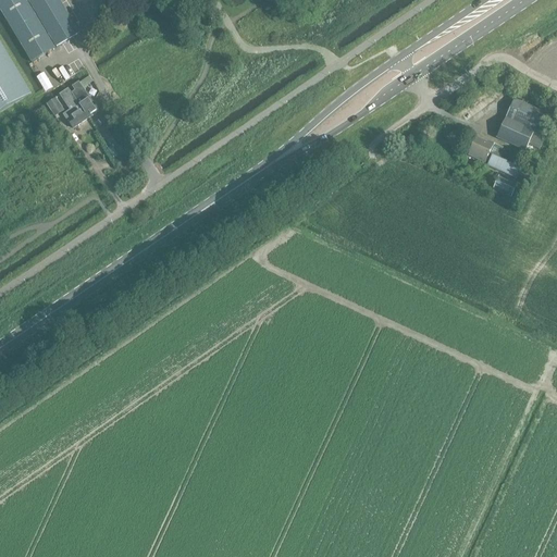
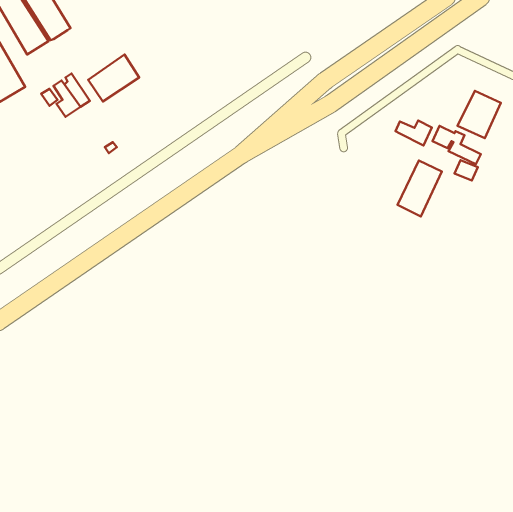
building: none -> [88,55,139,102]
building: none -> [396,121,432,146]
building: none -> [398,161,442,217]

